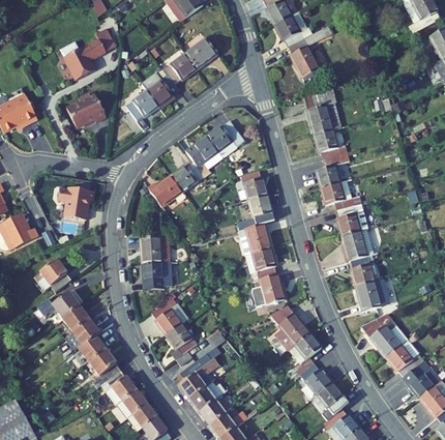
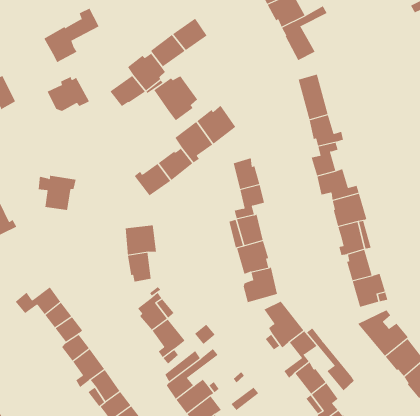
building: none -> [153,76,198,121]
building: [41,258,72,291] -> none
building: none -> [306,328,355,391]

